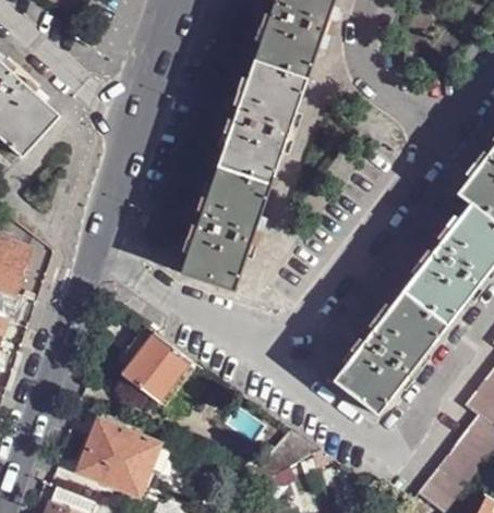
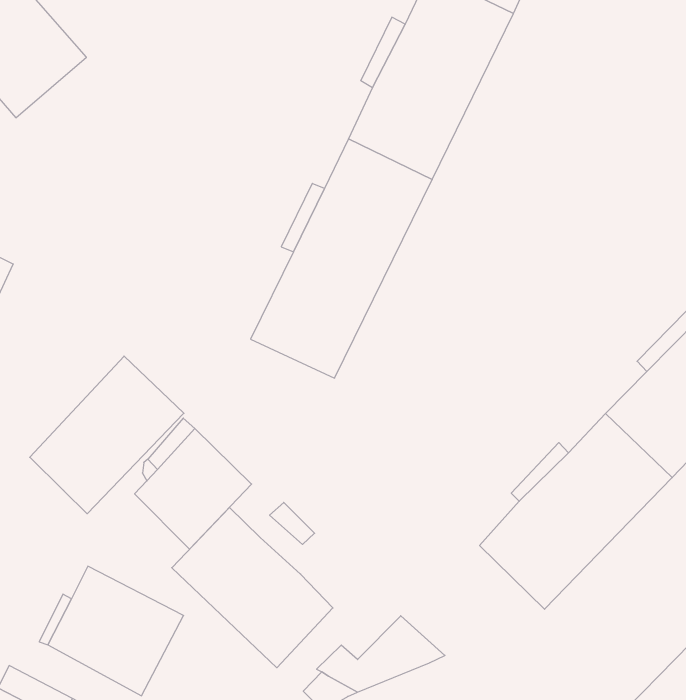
building: none -> [30,356,184,514]
building: none -> [172,508,333,668]

